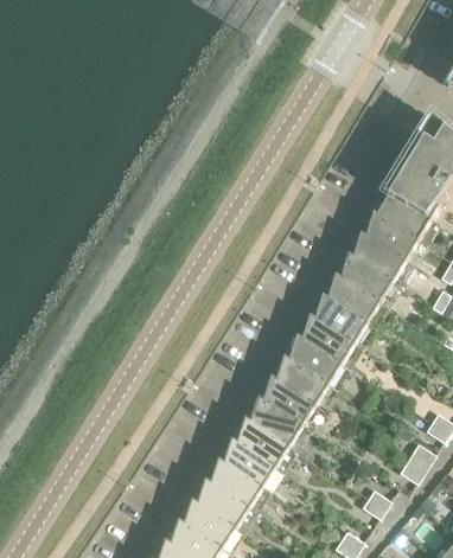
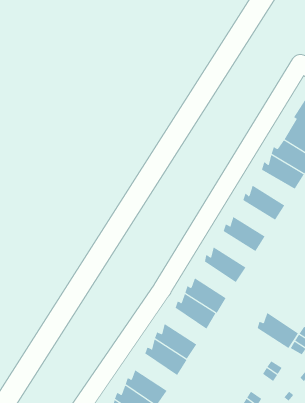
building: [349,237,414,289] -> none
building: [323,277,379,326] -> none
building: [296,319,353,367] -> none
building: [272,359,327,408] -> [257,312,299,349]
building: [231,421,288,469] -> none
building: [192,481,249,531] -> none

